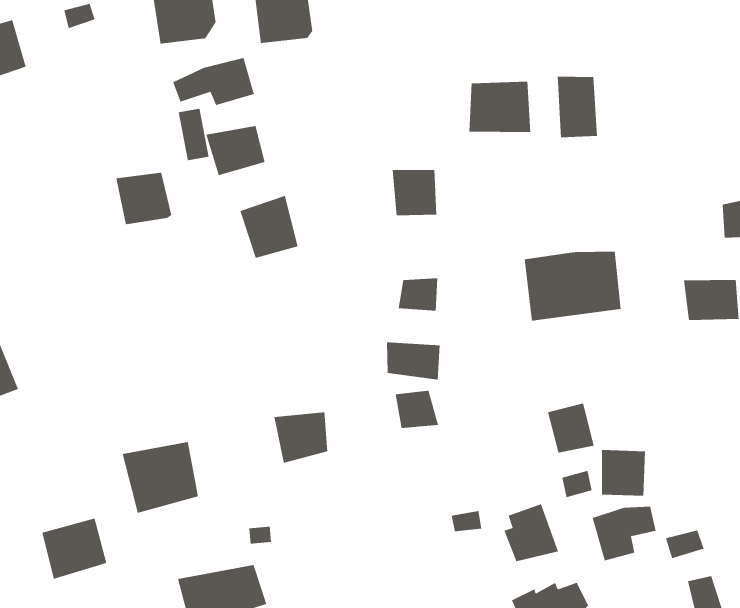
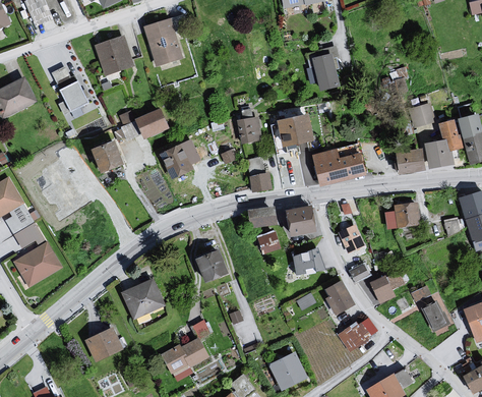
building: none -> [60,78,89,111]
building: [173,57,255,106] -> none
building: [468,81,531,133] -> [280,113,315,145]
building: none -> [287,207,318,237]
building: none -> [292,248,325,273]
building: [601,450,646,496] -> [394,202,420,228]

